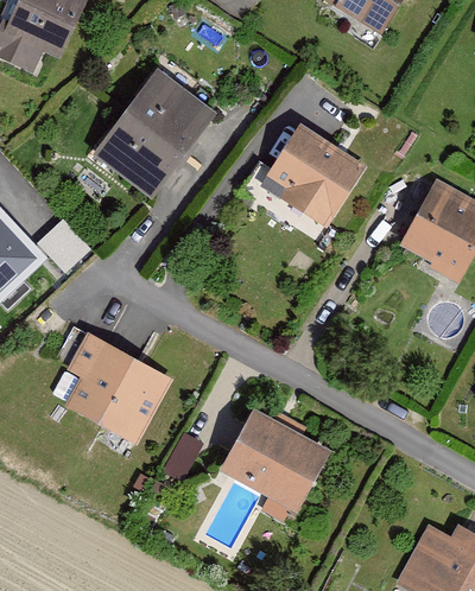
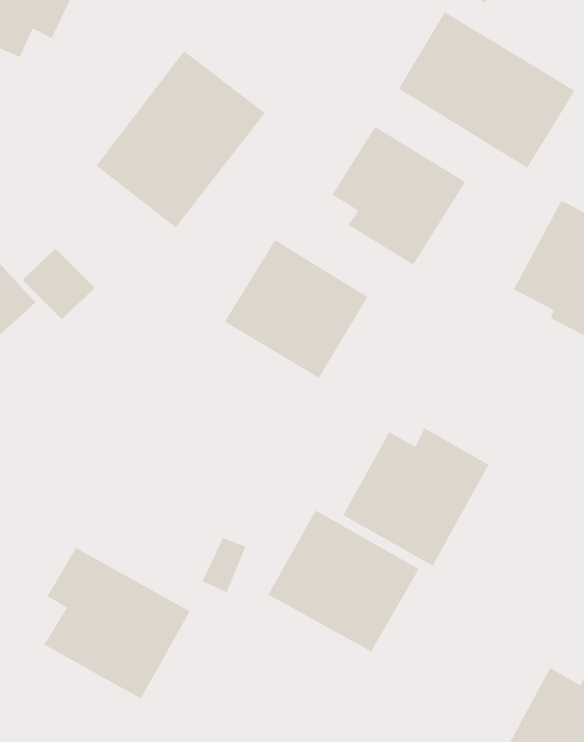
building: none -> [398,11,576,169]
building: none -> [224,239,368,379]
building: [63,331,172,444] -> [43,547,191,699]
building: none -> [342,427,489,567]

